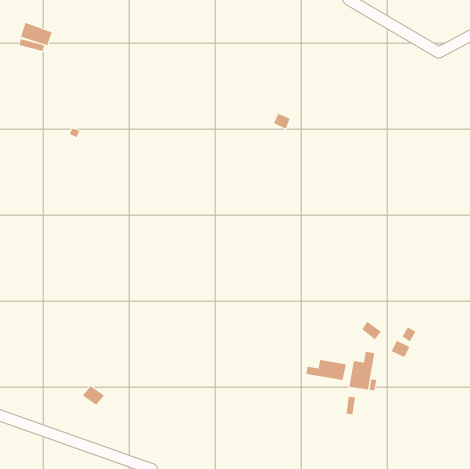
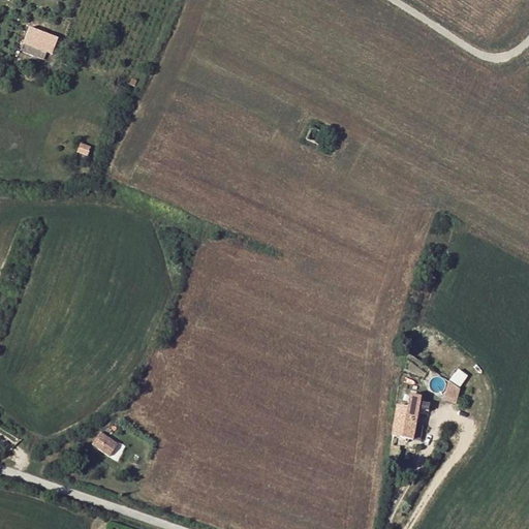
building: [306,359,347,381] -> none

